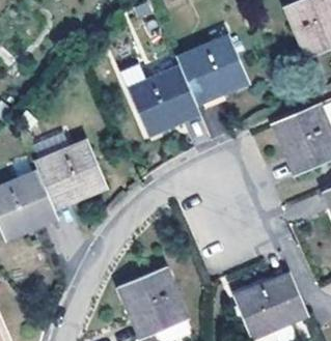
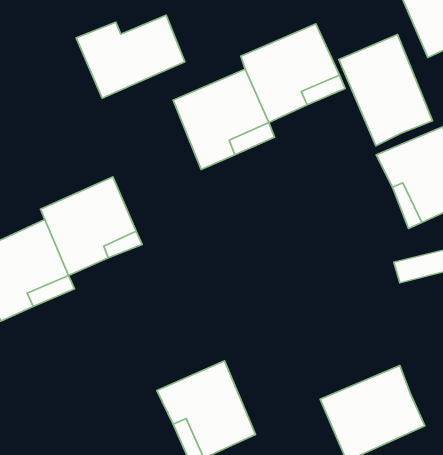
building: none -> [76,15,185,98]
building: none -> [339,35,432,146]

